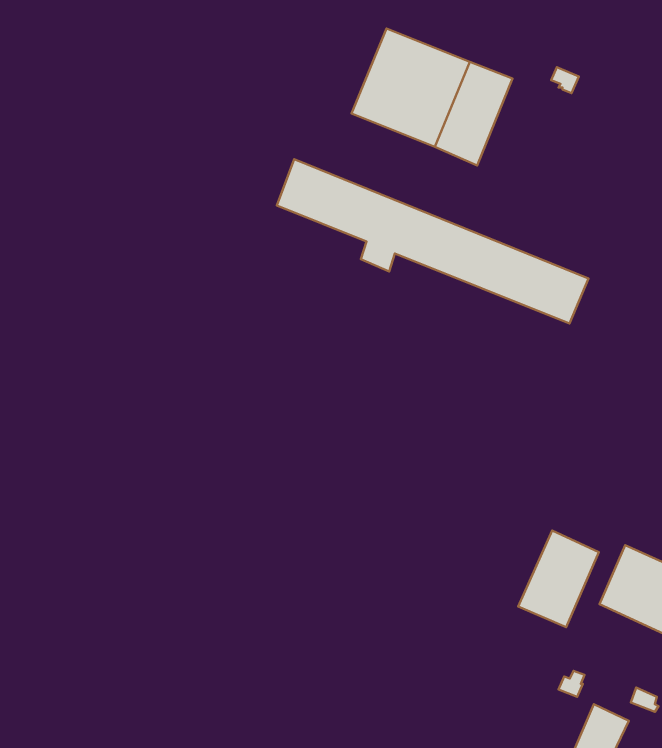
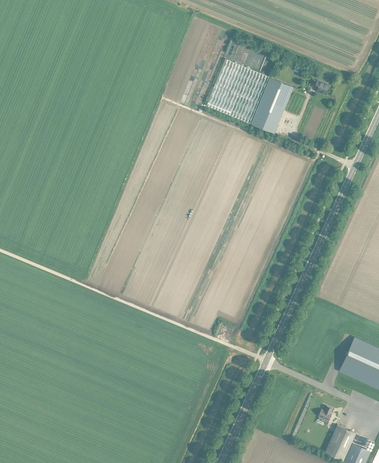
building: [277,159,589,323] -> none
building: [518,531,599,627] -> none

